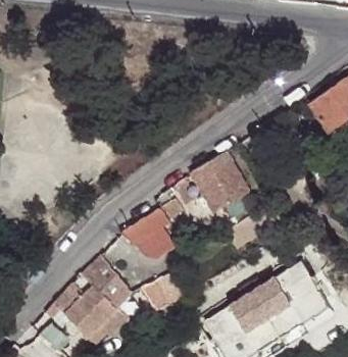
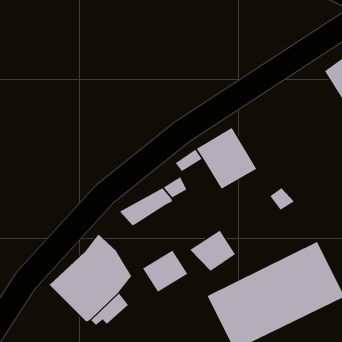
building: [134,227,177,266] -> [190,230,236,272]

